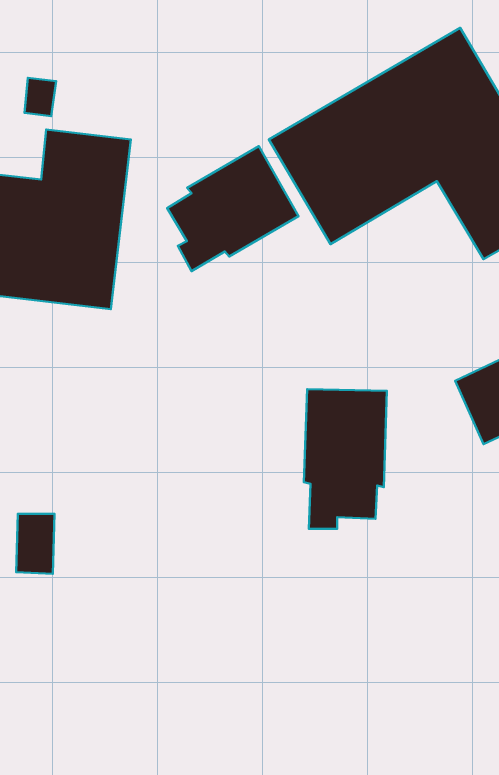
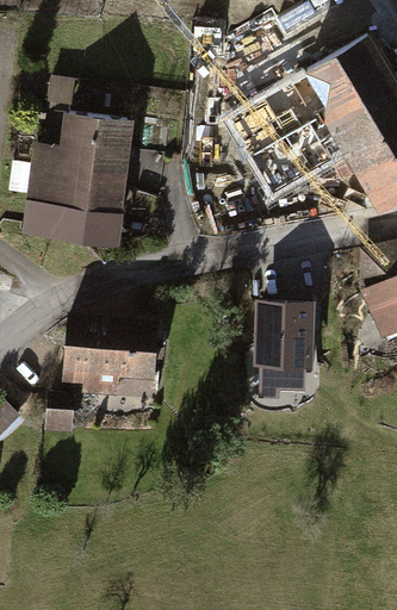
building: [167,146,298,271] -> none
building: none -> [66,315,159,390]

